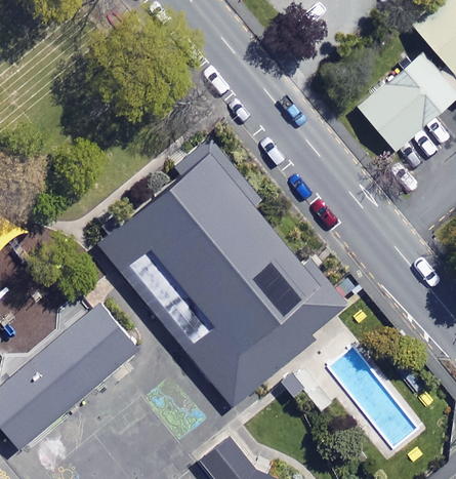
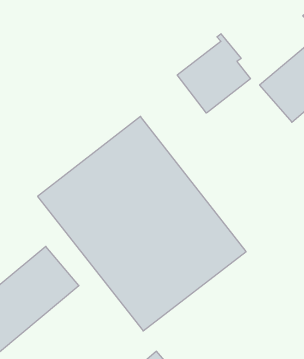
building: none -> [177,34,250,113]

